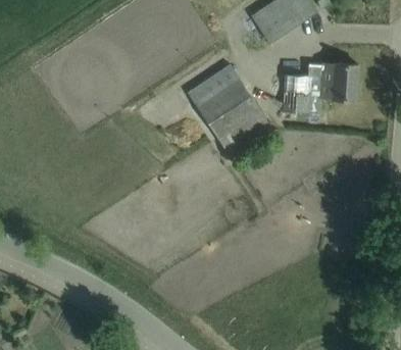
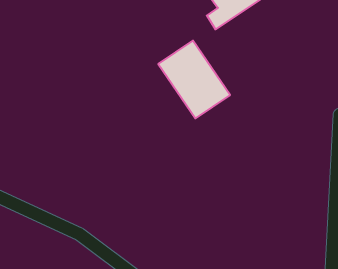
building: [282,63,358,114] -> none

